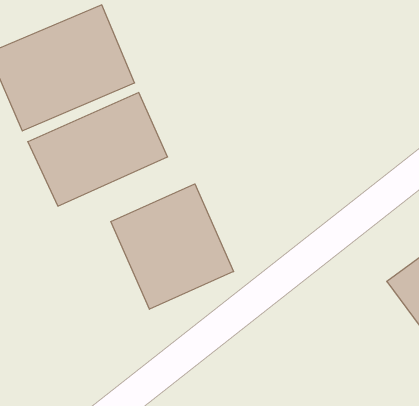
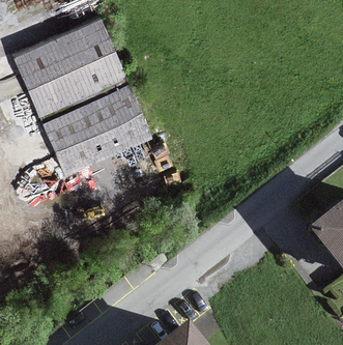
building: [111,184,234,309] -> none

